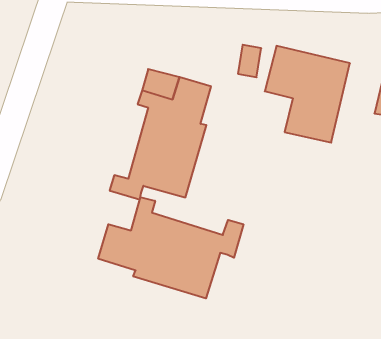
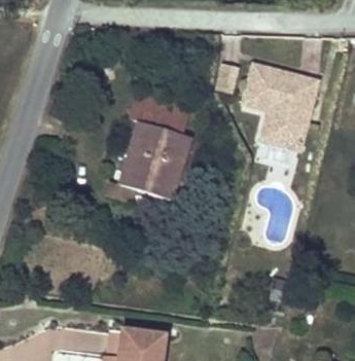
building: [98,197,243,298] -> none

